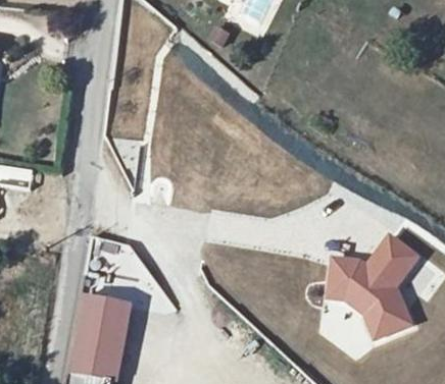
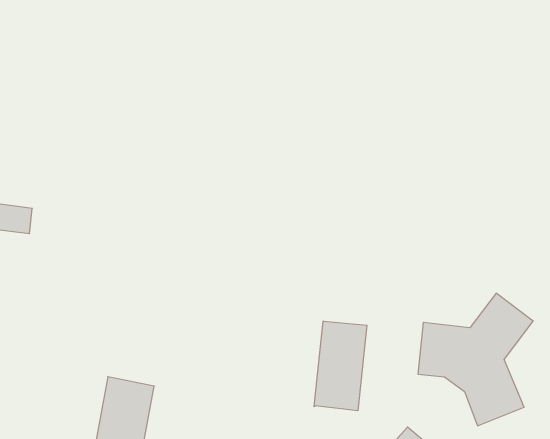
building: none -> [314,321,367,411]

